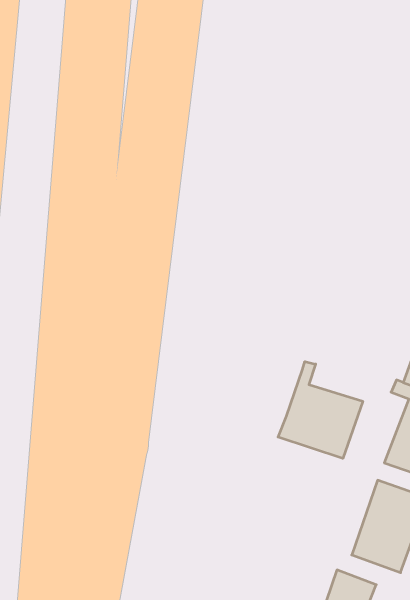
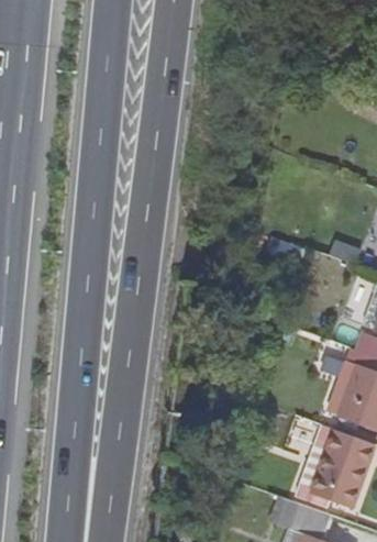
building: [278,362,363,458] -> none

